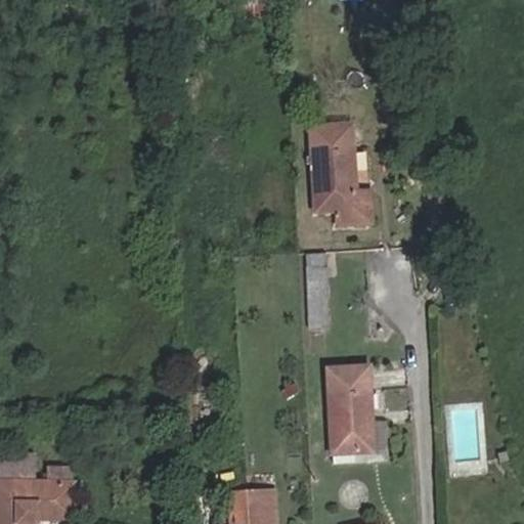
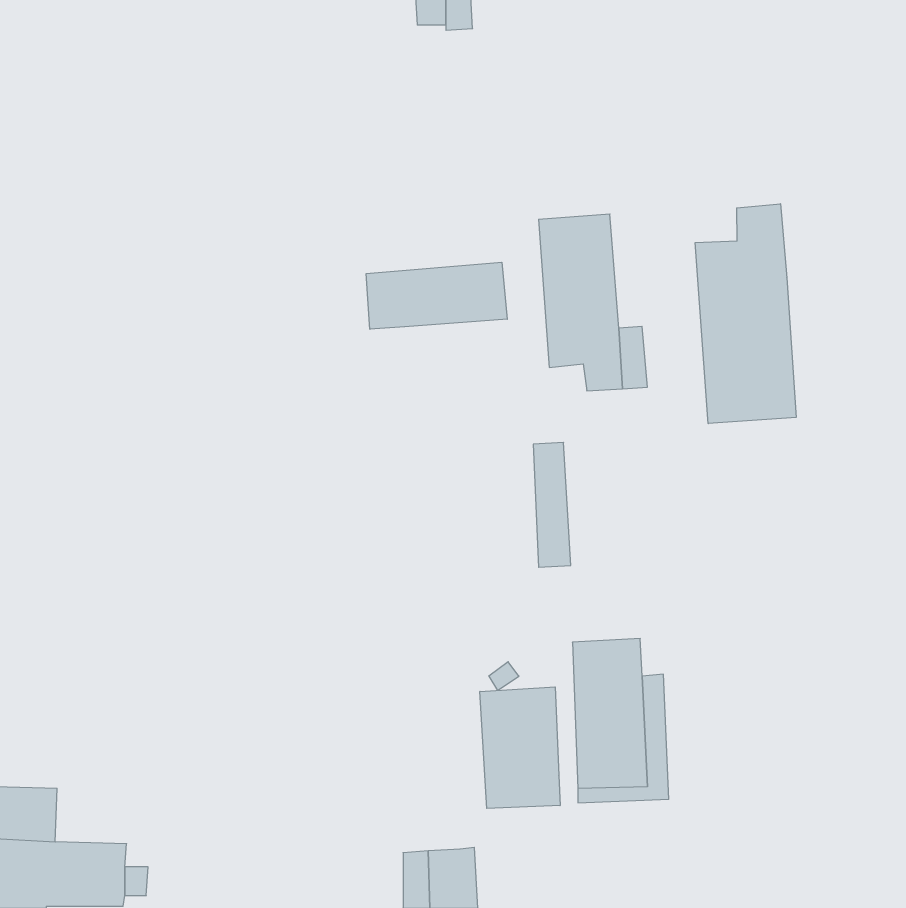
building: none -> [695,204,796,424]
building: none -> [366,262,507,329]
building: none -> [480,687,560,808]

